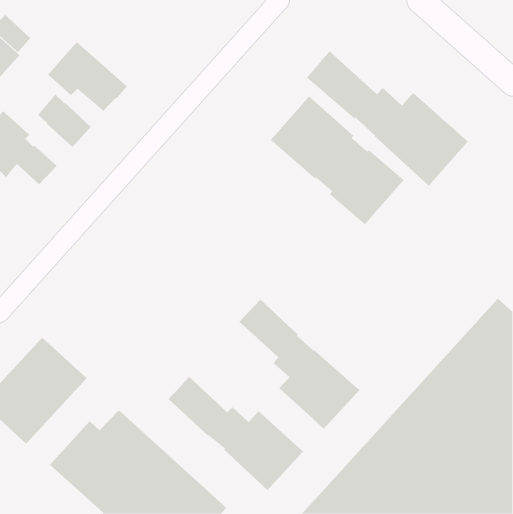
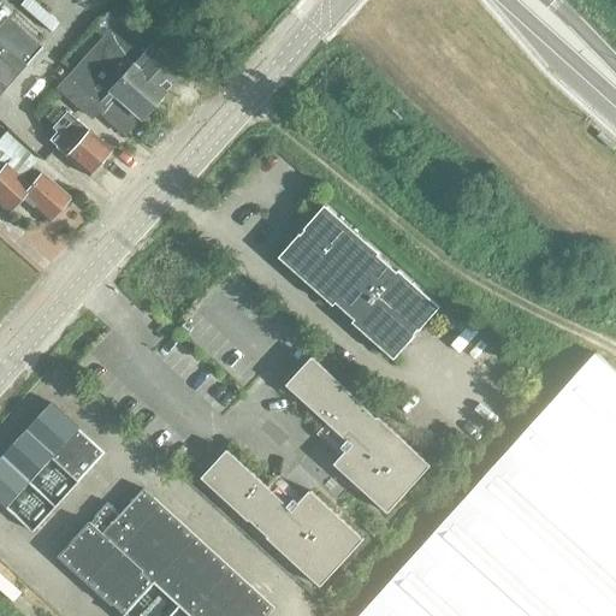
building: none -> [91,30,179,103]
building: [306,51,469,187] -> none
building: [270,96,405,225] -> [278,206,439,361]

